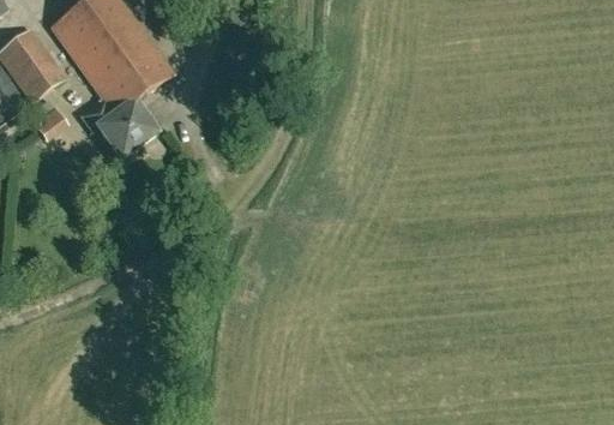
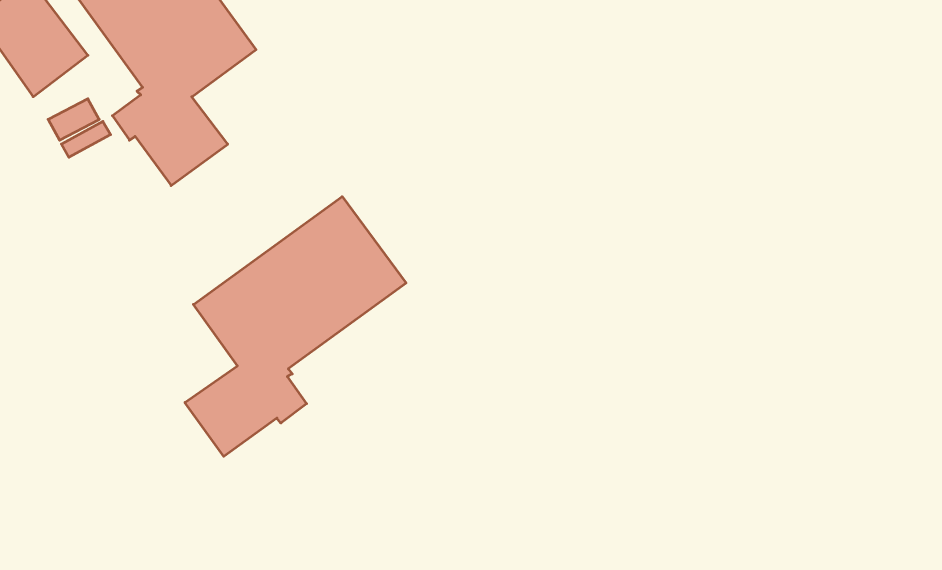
building: none -> [185,197,406,456]

